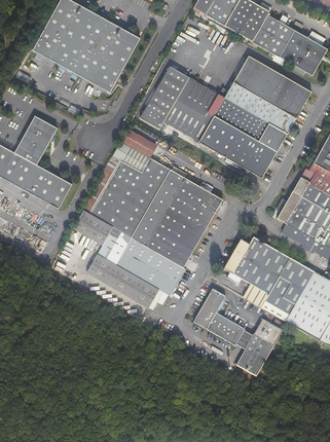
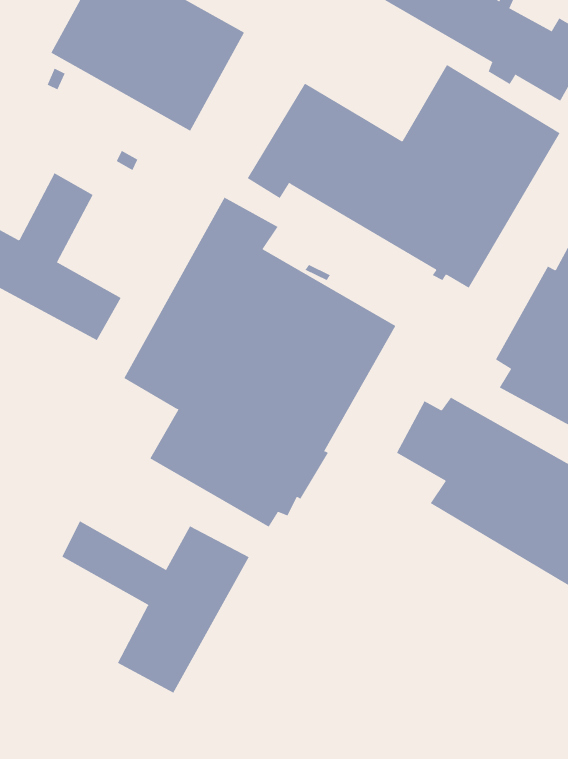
building: [192,288,282,377] -> none
building: none -> [62,521,250,694]

